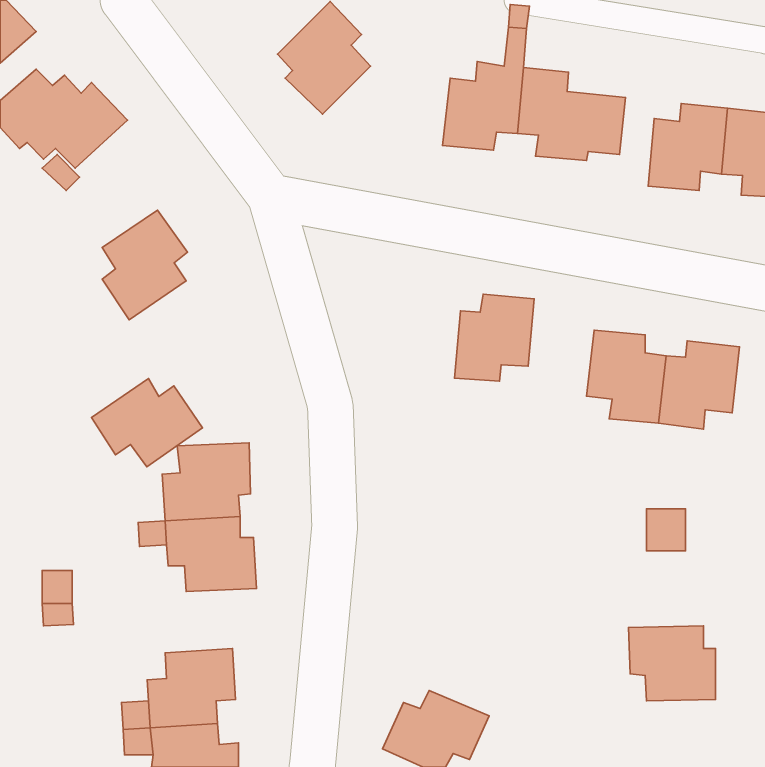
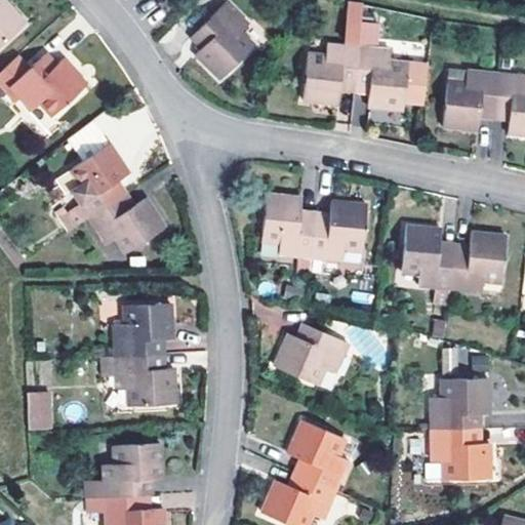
building: none -> [261,195,316,258]
building: [91,378,202,467] -> [89,192,165,252]
building: none -> [273,323,348,386]
building: none -> [430,378,489,429]
building: none -> [288,421,348,489]

